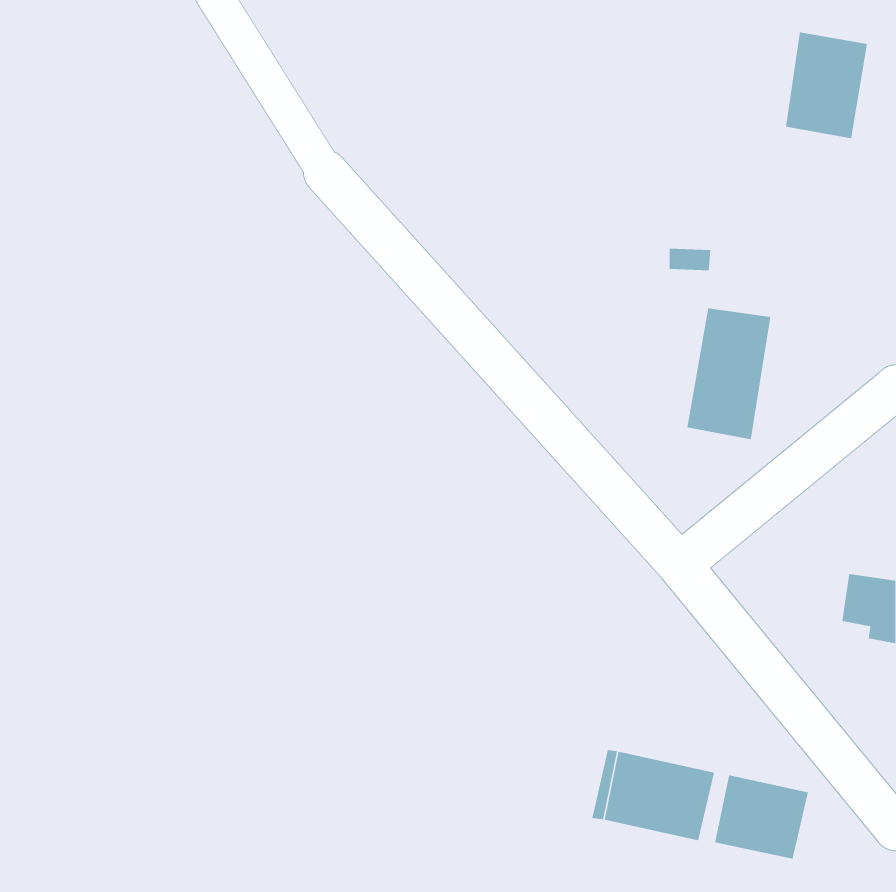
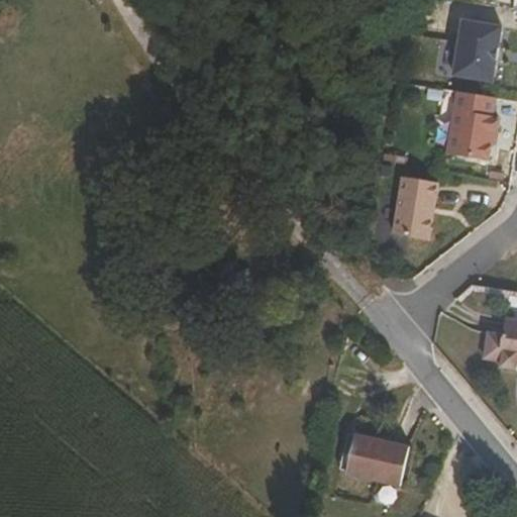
building: none -> [445,92,494,159]
building: [715,774,808,860] -> none

